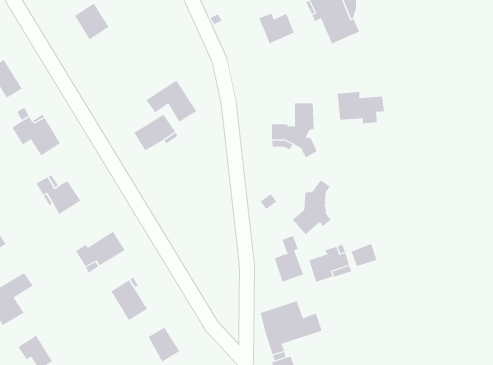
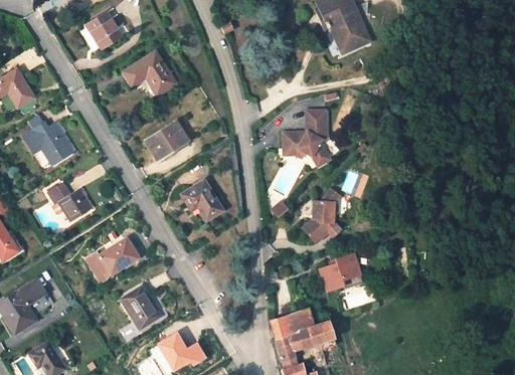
building: [258,13,295,44] -> none
building: [146,80,197,122] -> [124,51,175,93]
building: [337,91,384,124] -> none
building: none -> [181,180,222,219]
building: [274,235,304,282] -> none
building: [351,243,377,267] -> none

